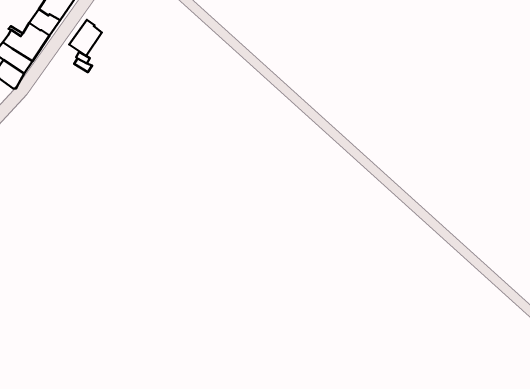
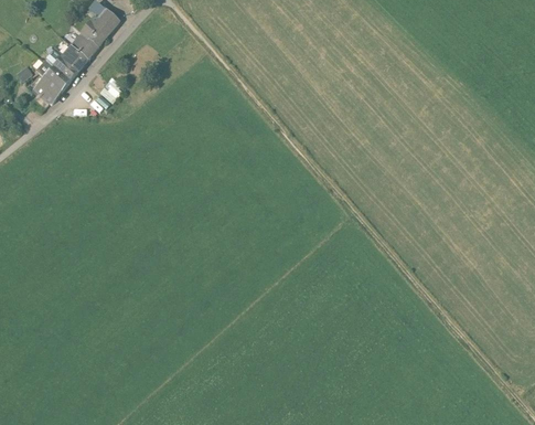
building: [69,20,102,56] -> none

